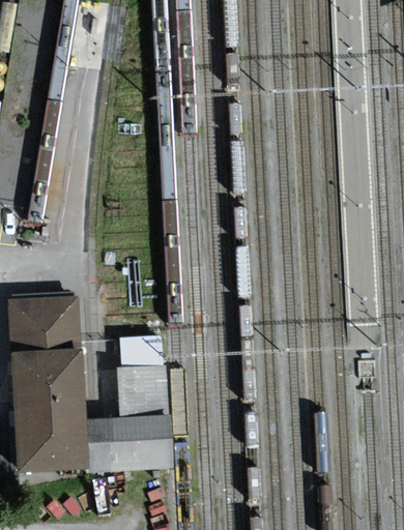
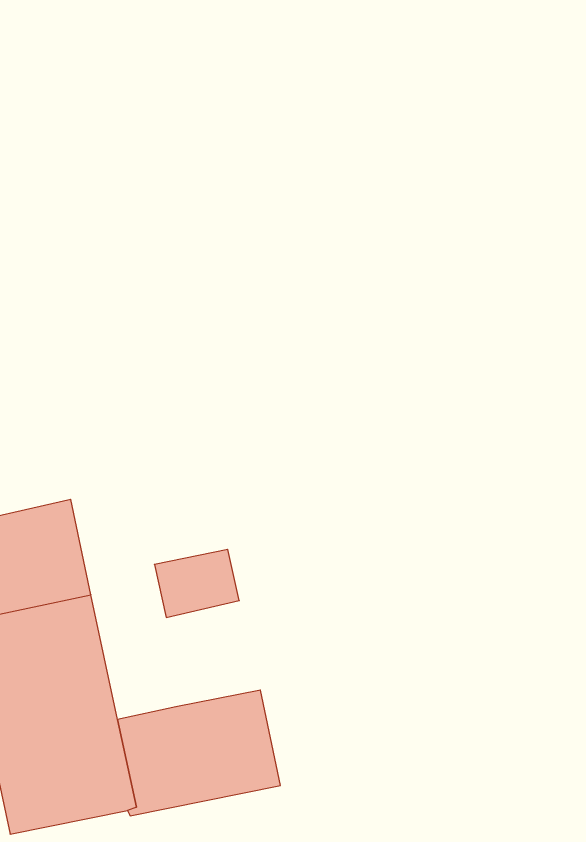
building: [117,363,168,416] -> none

